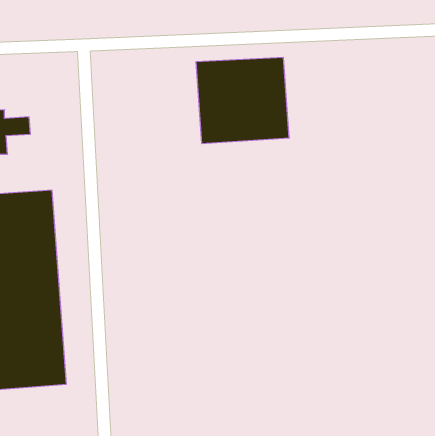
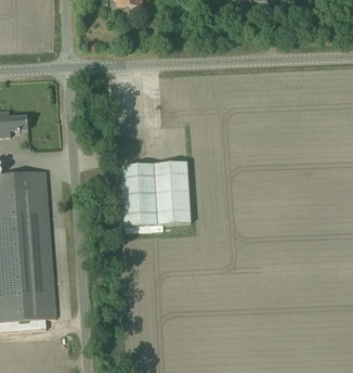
building: [196,57,289,144] -> [121,162,192,227]

